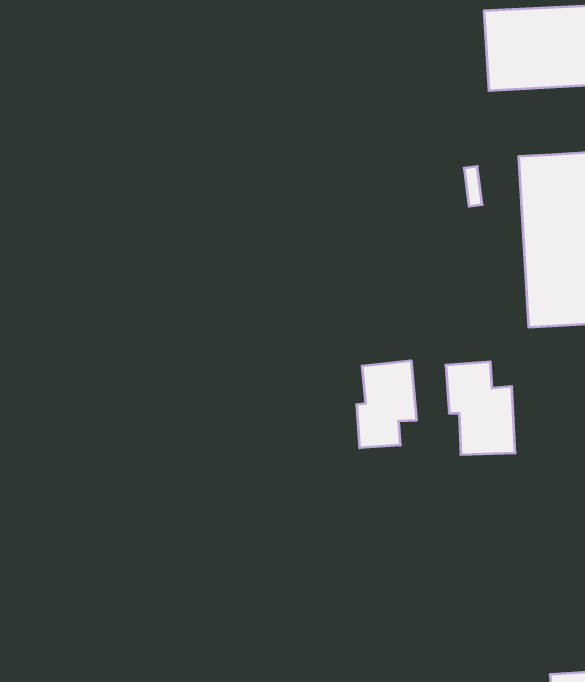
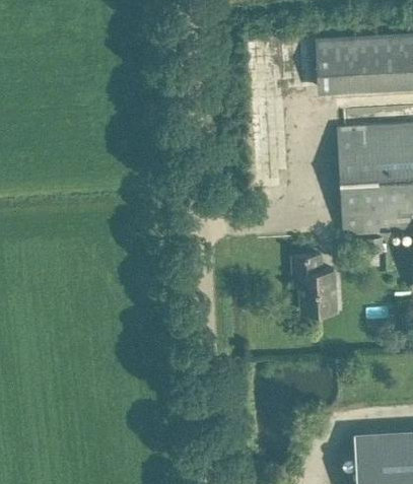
building: [357,361,416,448] -> none

